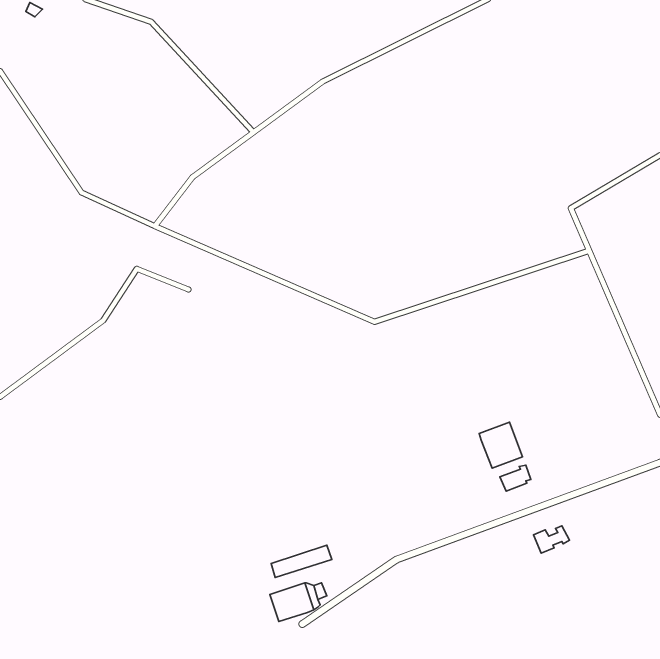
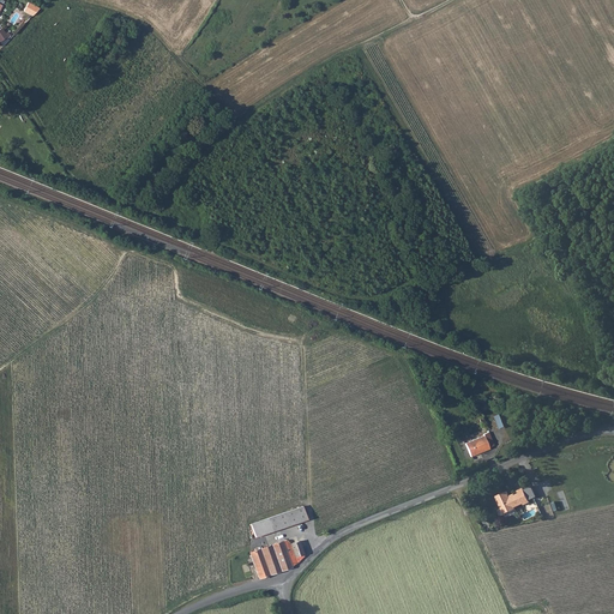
building: [479,422,522,468] -> none

